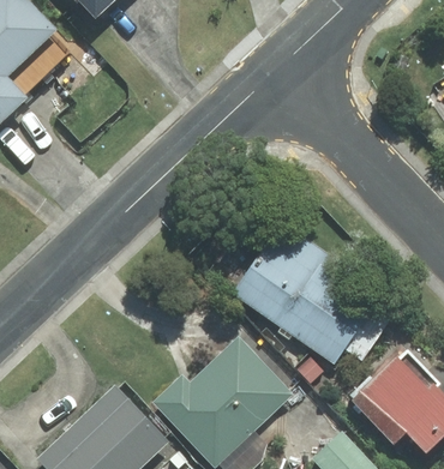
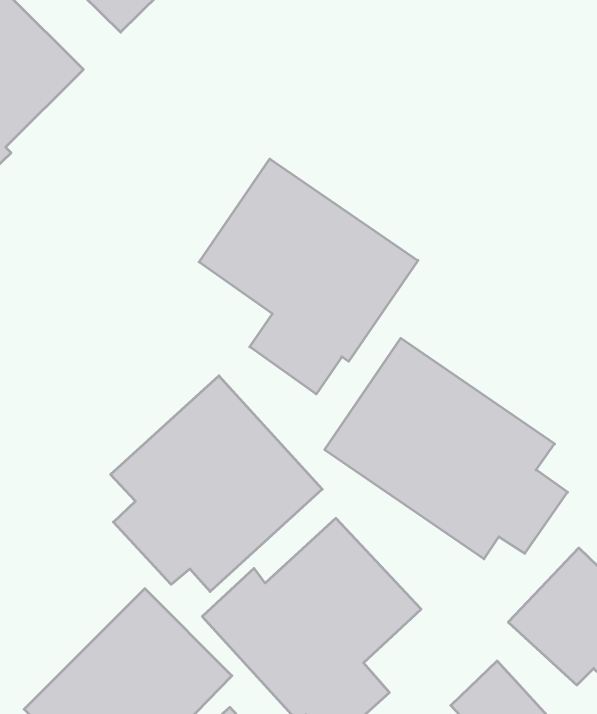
building: none -> [199,159,418,394]
building: none -> [111,376,322,592]

